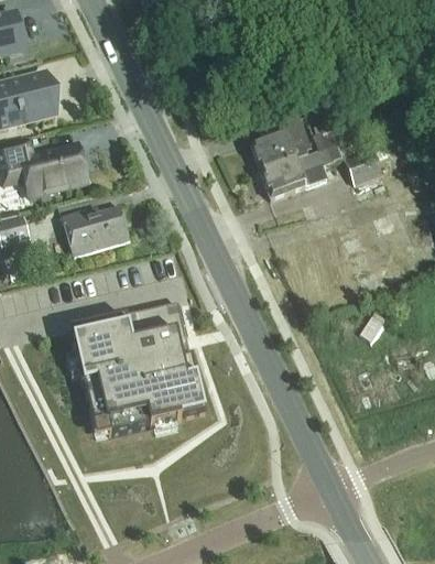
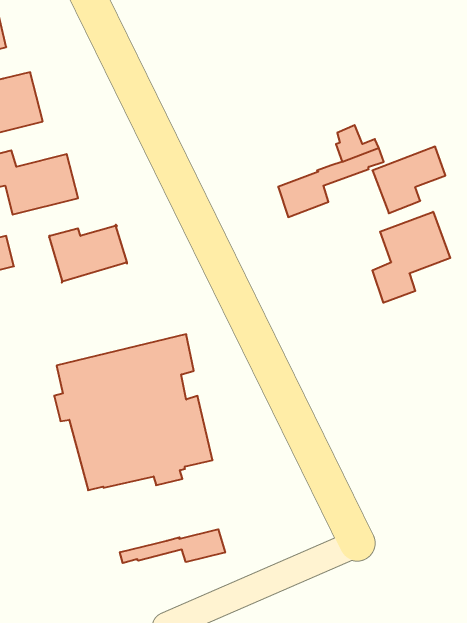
building: [251,115,311,172] -> none
building: none -> [372,212,450,303]
building: none -> [120,529,225,563]

